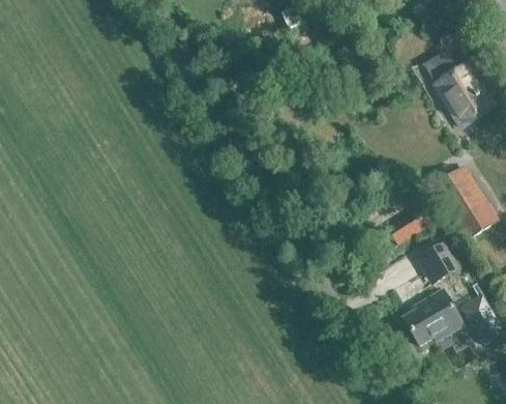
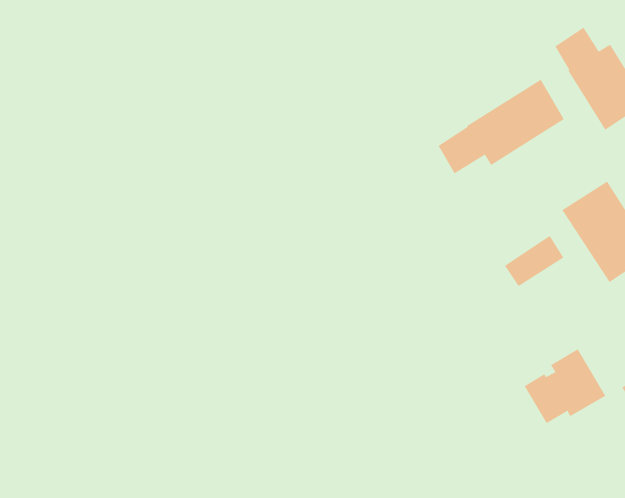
building: none -> [438,79,564,174]
building: [422,243,457,280] -> none

